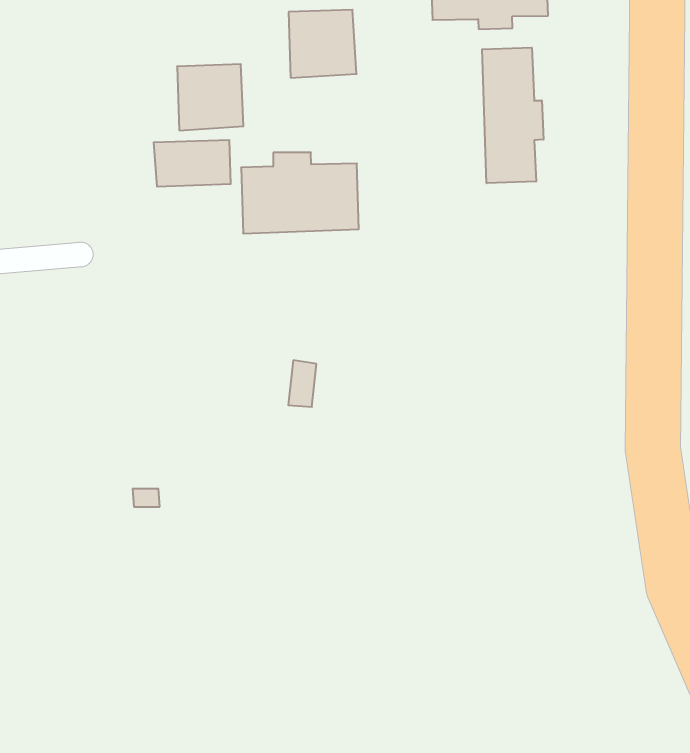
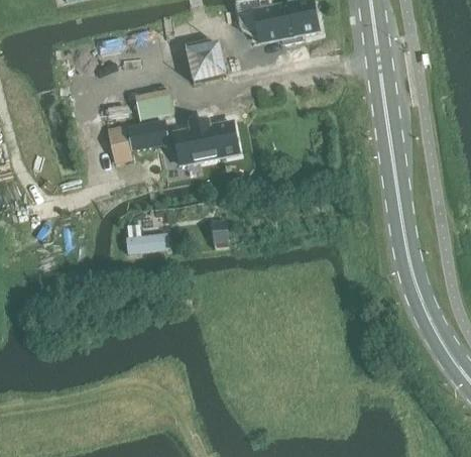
building: [482,48,543,183] -> none
building: none -> [108,126,133,162]
building: none -> [122,228,164,254]

